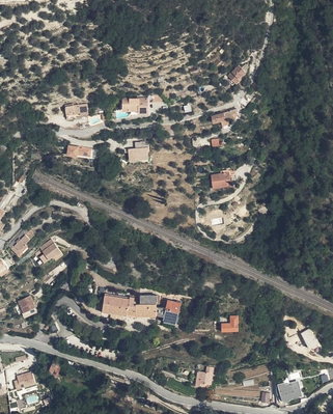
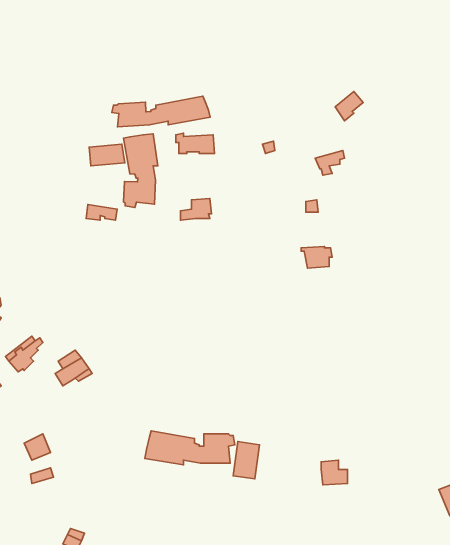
building: none -> [112,96,210,127]
building: none -> [124,134,158,207]

